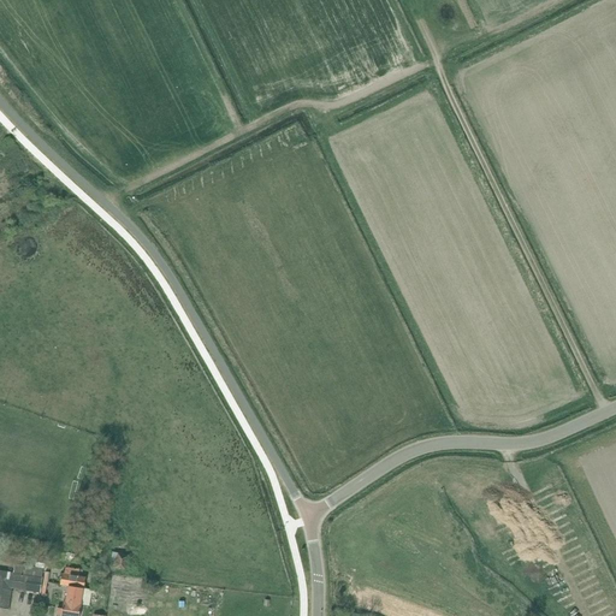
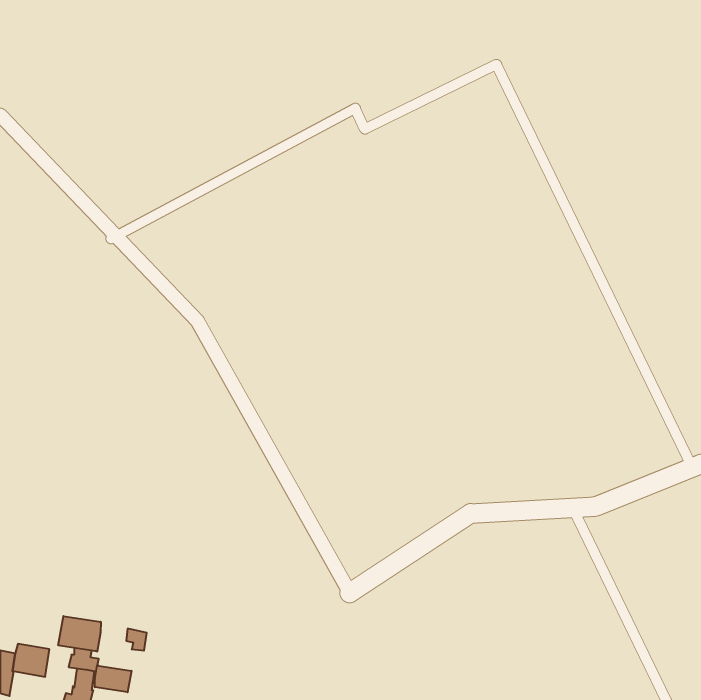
building: none -> [58,616,101,652]
building: none -> [95,665,131,692]

